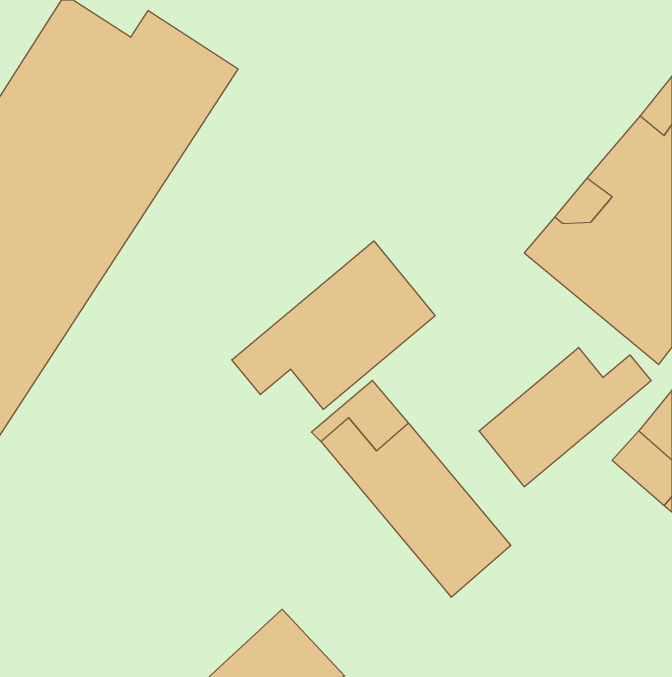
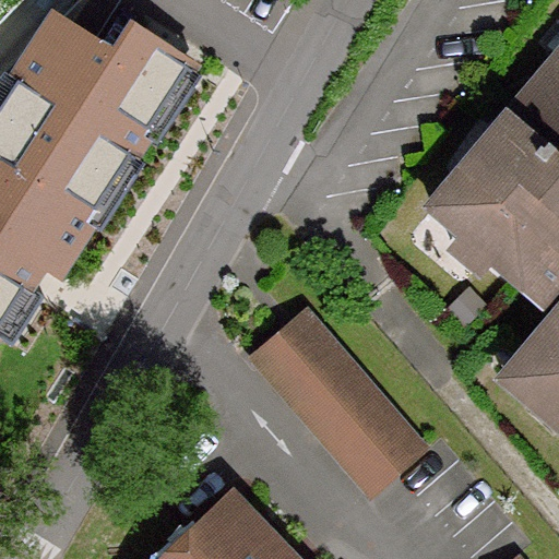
building: [232,241,435,409] -> none
building: [479,347,651,487] -> none

